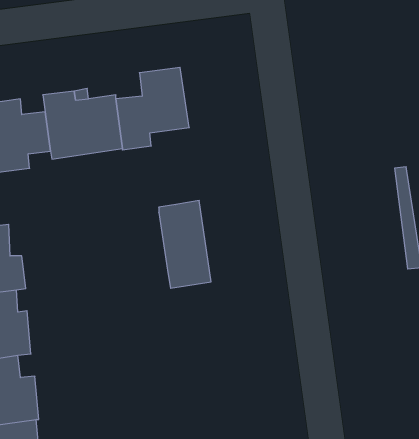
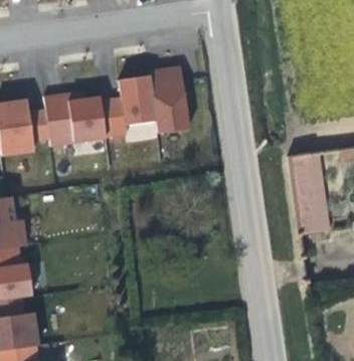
building: none -> [290,152,324,232]
building: [159,201,211,288] -> [149,65,189,133]

